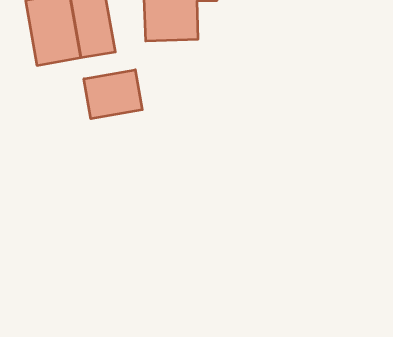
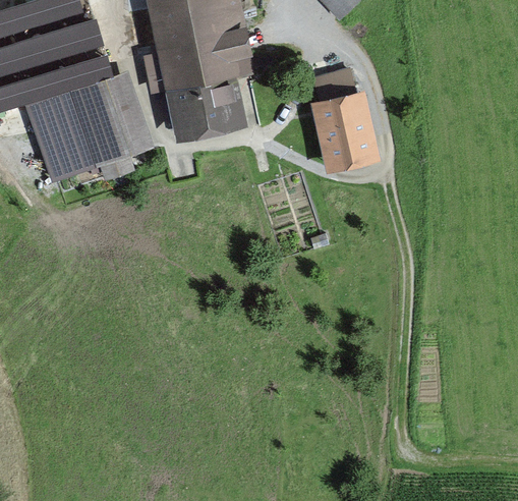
building: none -> [310,70,367,163]
building: [84,70,142,119] -> none

